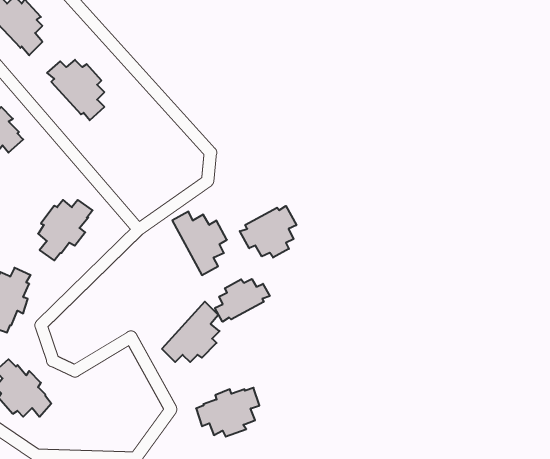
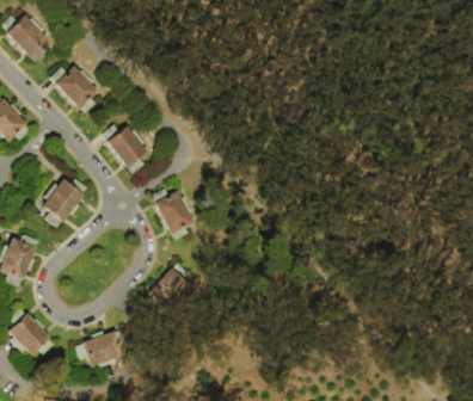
building: none -> [102,124,148,173]
building: [240,206,296,258] -> none
building: [215,279,270,322] -> none
building: [196,388,259,437] -> [76,329,128,369]

